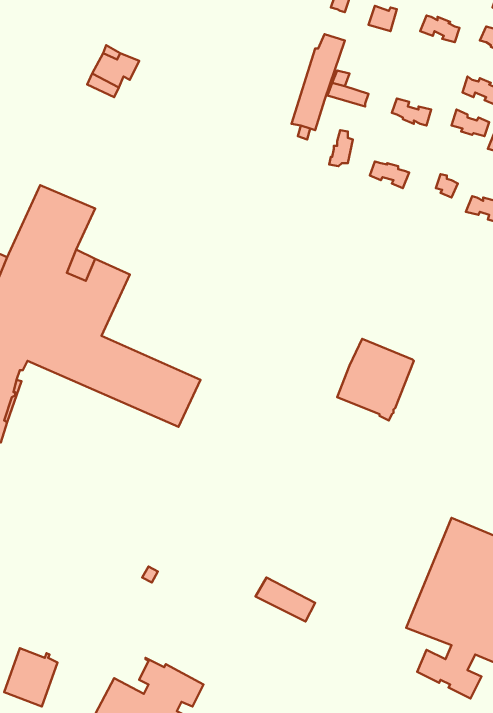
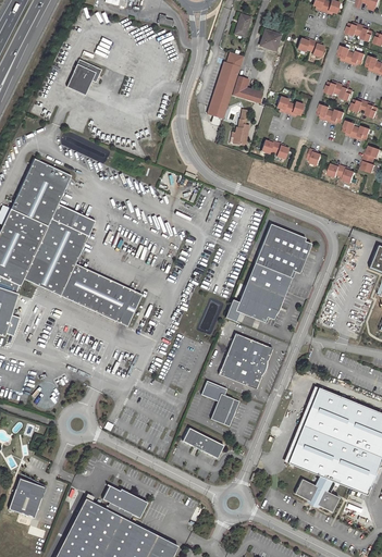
building: none -> [255,224,311,277]
building: none -> [223,300,267,323]
building: none -> [218,333,272,389]
building: none -> [200,381,239,428]

